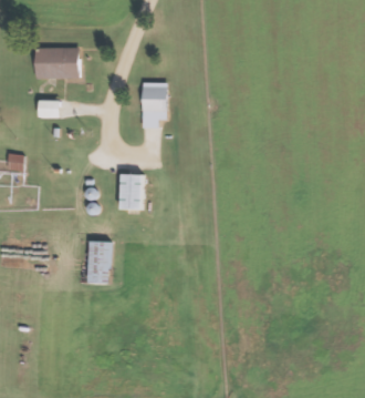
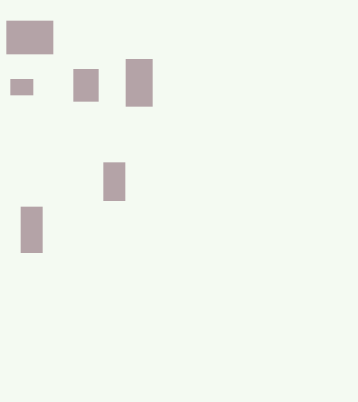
building: none -> [73,68,99,103]
building: [88,241,109,283] -> [20,206,44,253]

